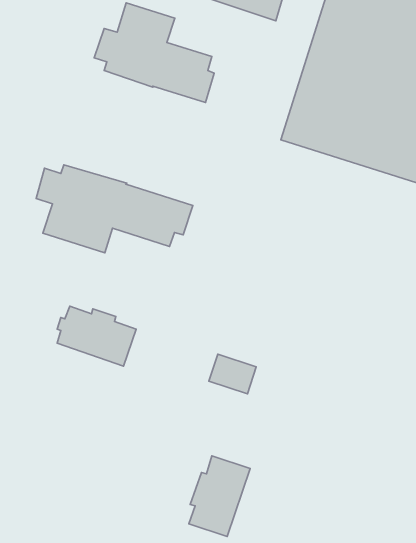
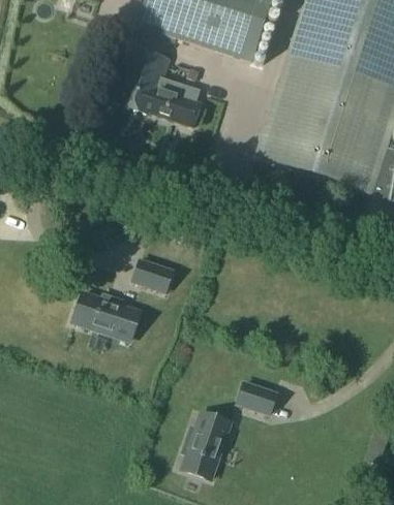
building: [36,165,193,253] -> none
building: none -> [134,258,173,290]
building: [209,354,256,394] -> [239,381,277,413]

